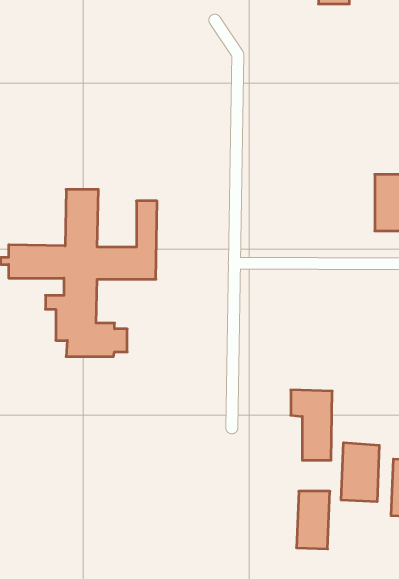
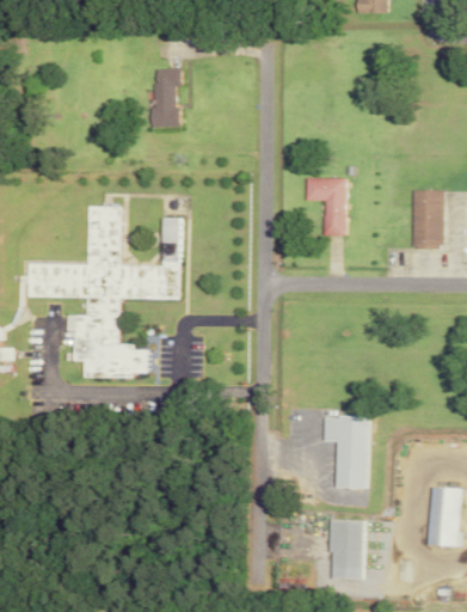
building: none -> [155,68,186,127]
building: none -> [303,178,345,235]
building: [341,443,379,502] -> none

